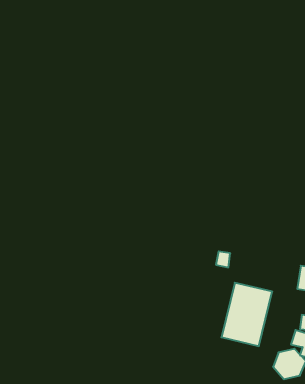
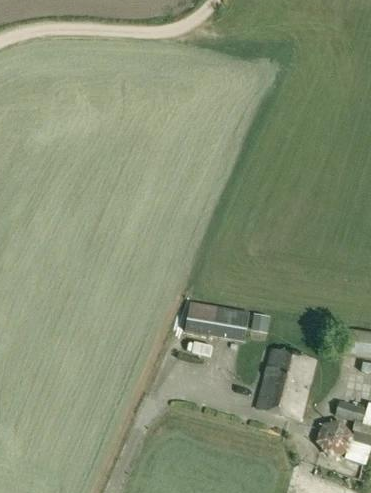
building: none -> [184,301,248,350]

